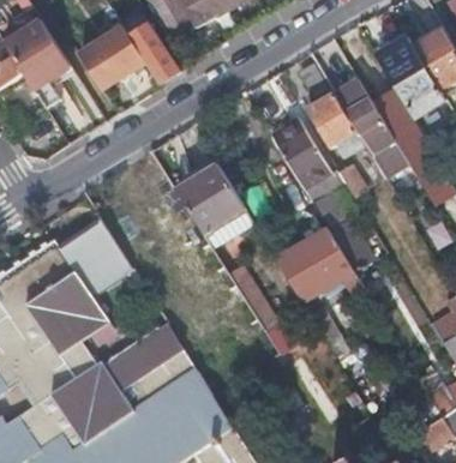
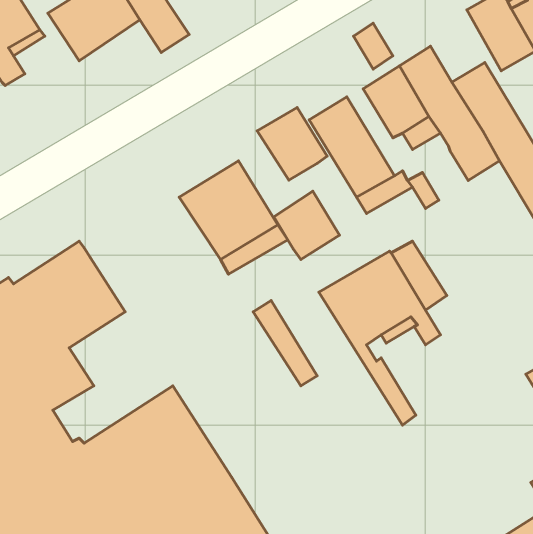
building: none -> [257,107,327,180]
building: none -> [274,191,339,260]

